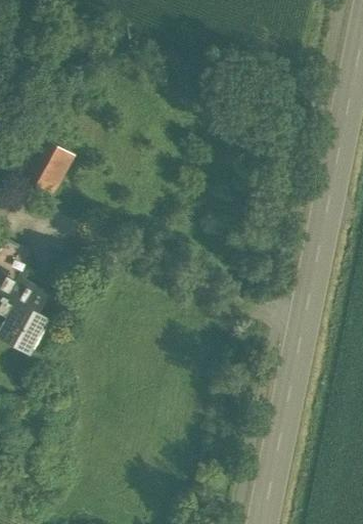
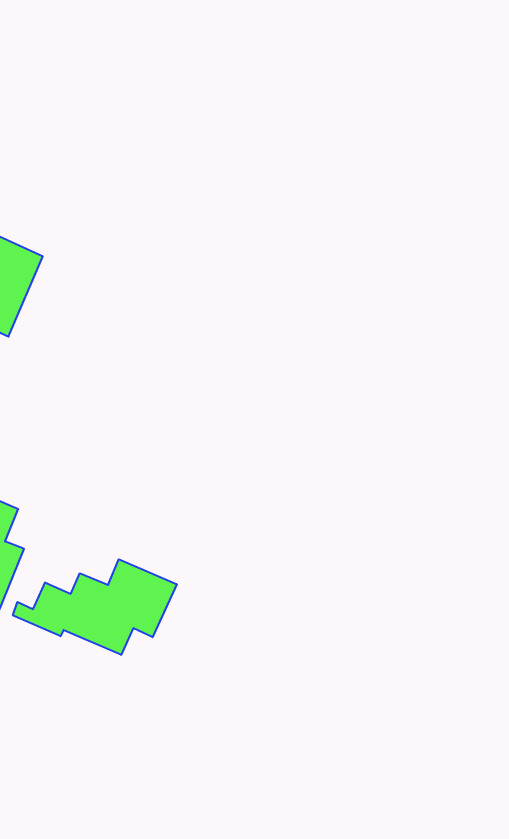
building: none -> [13,559,177,655]

